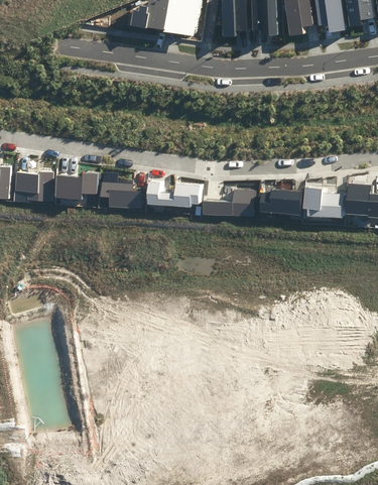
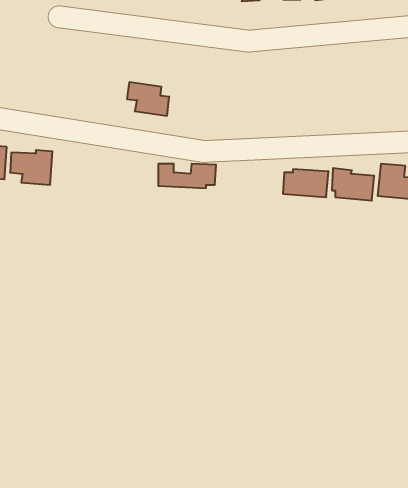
building: [58,174,97,197] -> none
building: [102,179,140,210] -> [127,82,169,116]
building: [203,189,255,218] -> none

